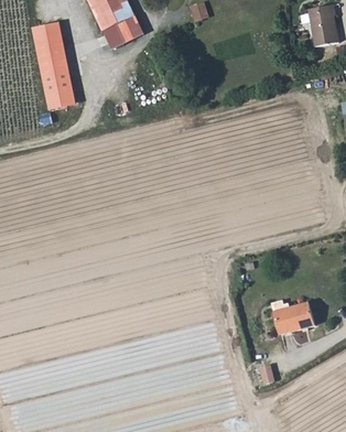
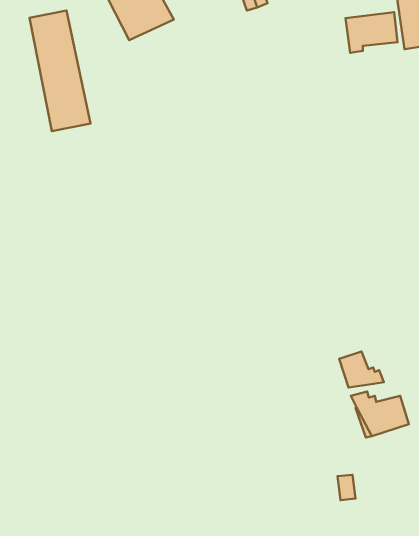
building: none -> [345,12,398,53]
building: none -> [339,352,384,387]

